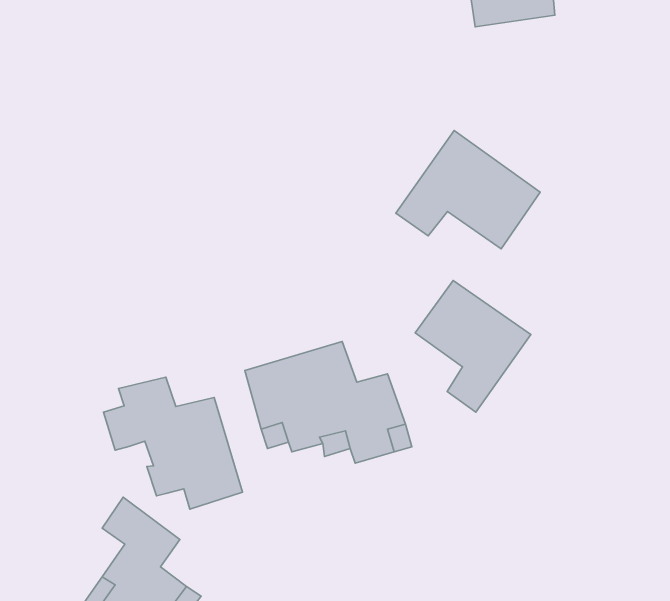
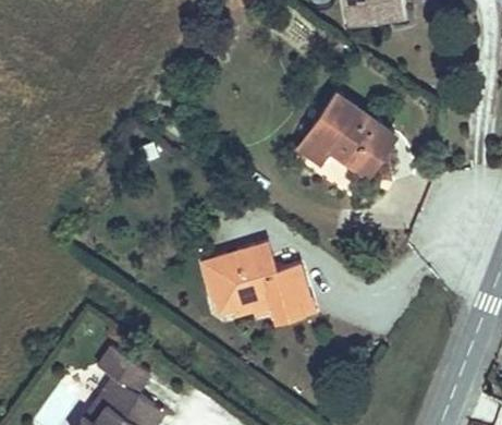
building: [415,280,531,412] -> none
building: [104,377,243,509] -> none

